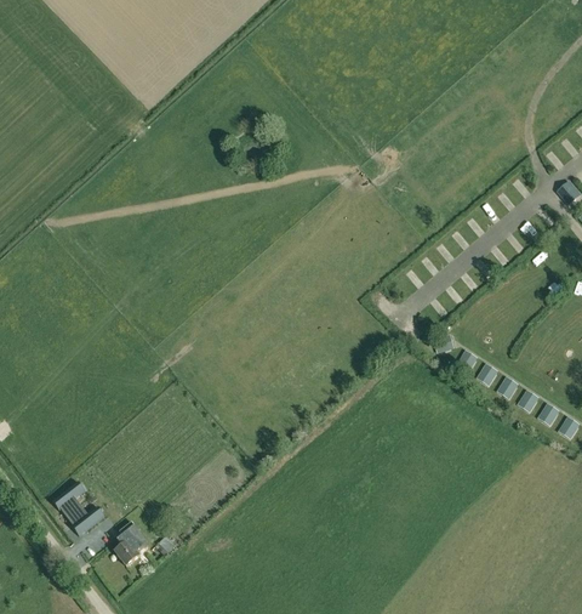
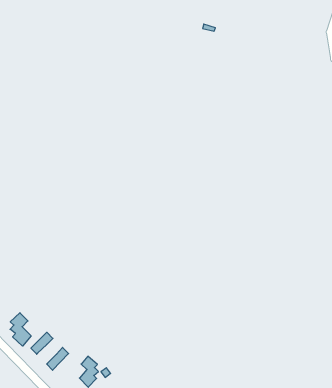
building: none -> [10,313,31,346]

